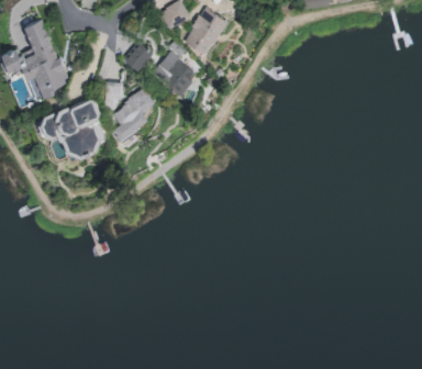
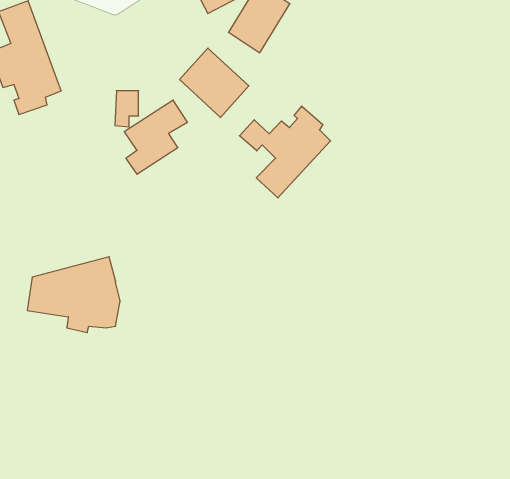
building: [123,42,153,71] -> none
building: none -> [239,106,331,198]
building: [37,98,102,150] -> [27,257,120,333]

